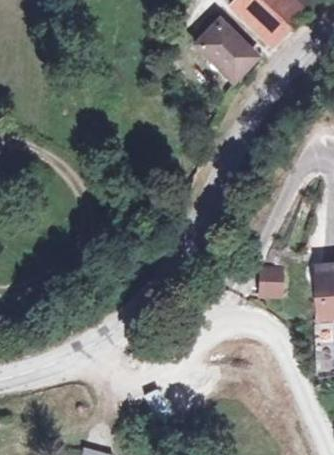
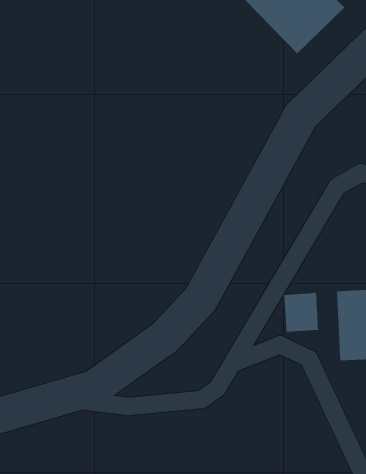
building: [184,13,266,90] -> none

